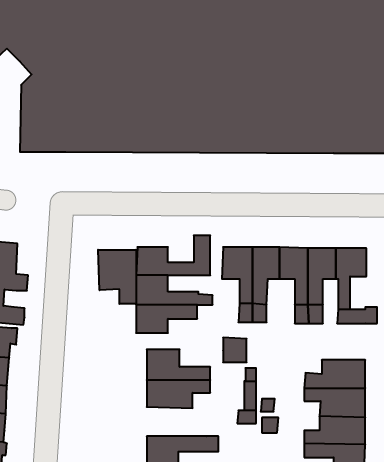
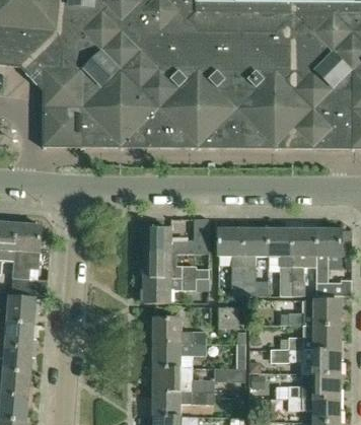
building: [98,250,136,304] -> none
building: none -> [281,300,341,326]
building: none -> [152,366,214,392]

